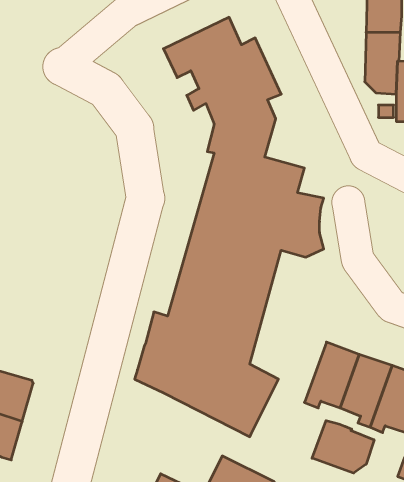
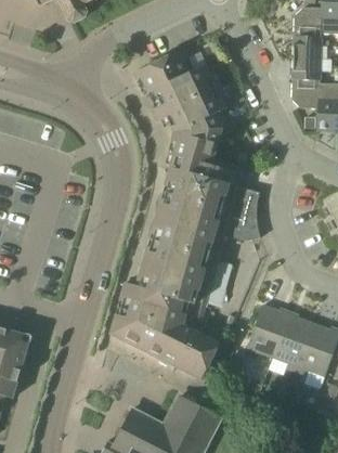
building: [312,421,374,473] -> none

